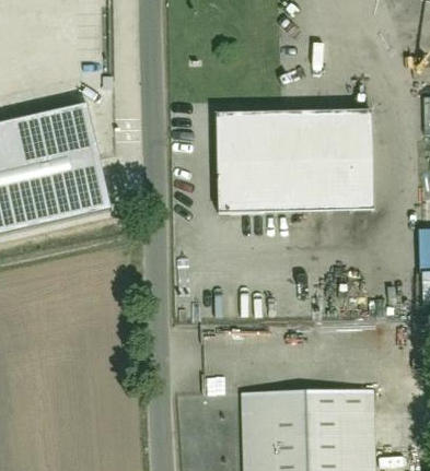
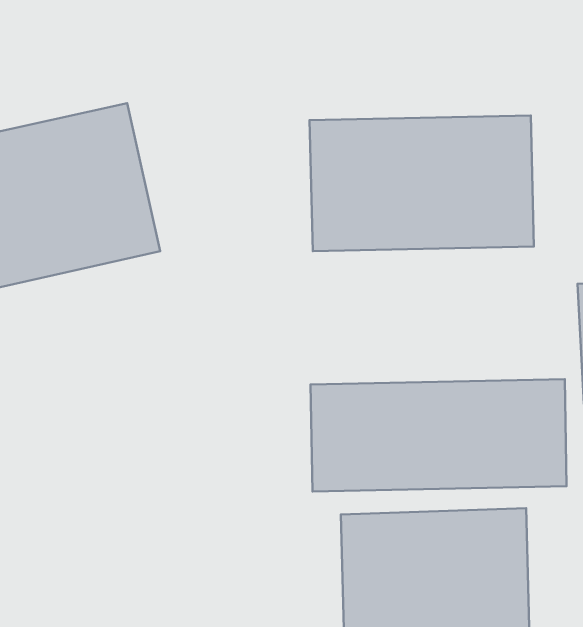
building: none -> [311,379,567,492]

